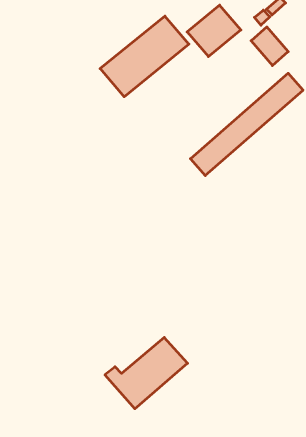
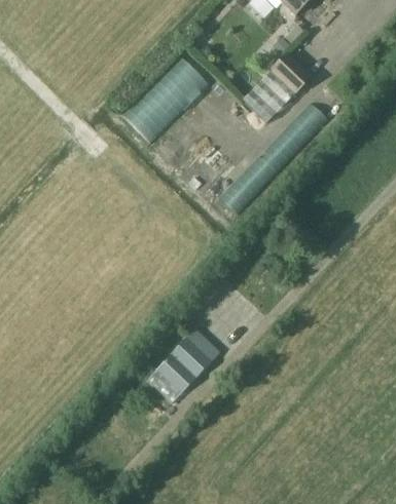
building: [187,5,241,57] -> [241,72,294,124]
building: [105,337,188,409] -> [139,332,220,405]

